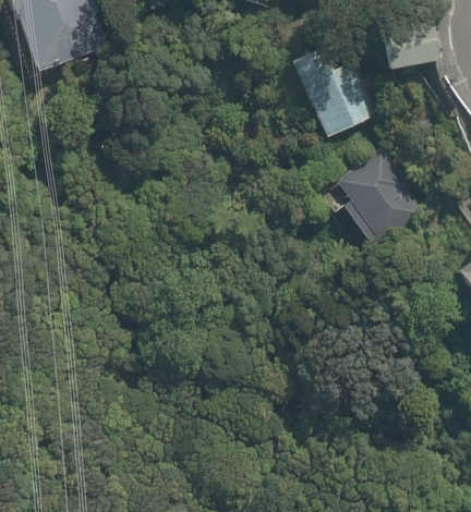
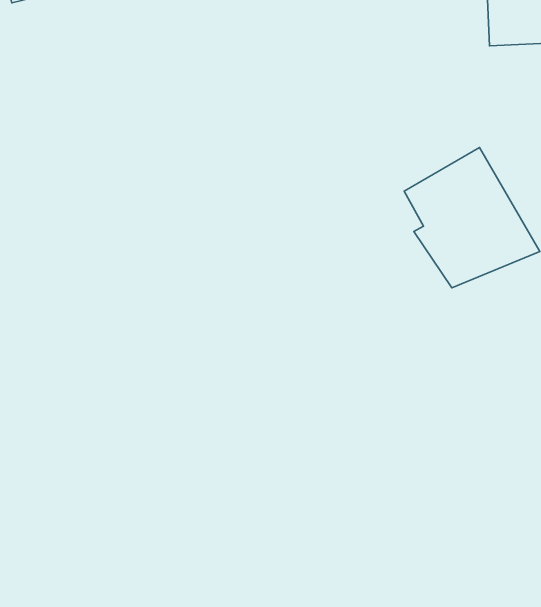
building: [292,49,381,139] -> none

